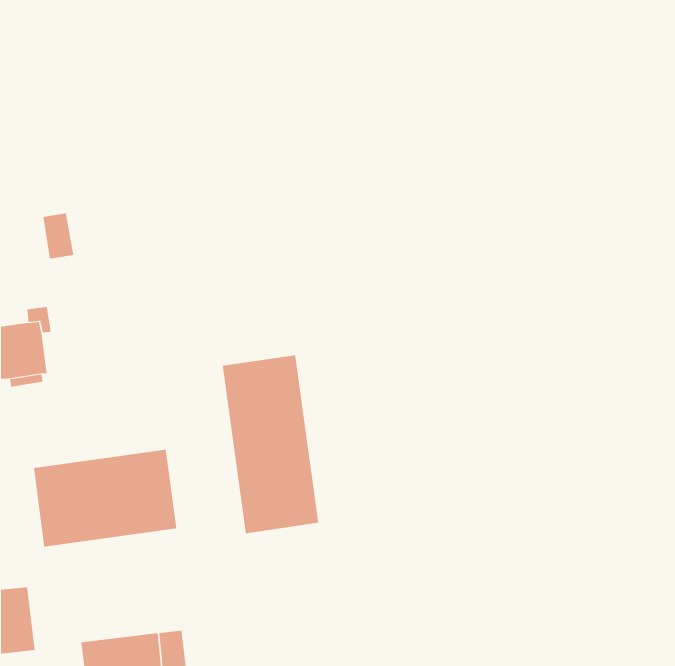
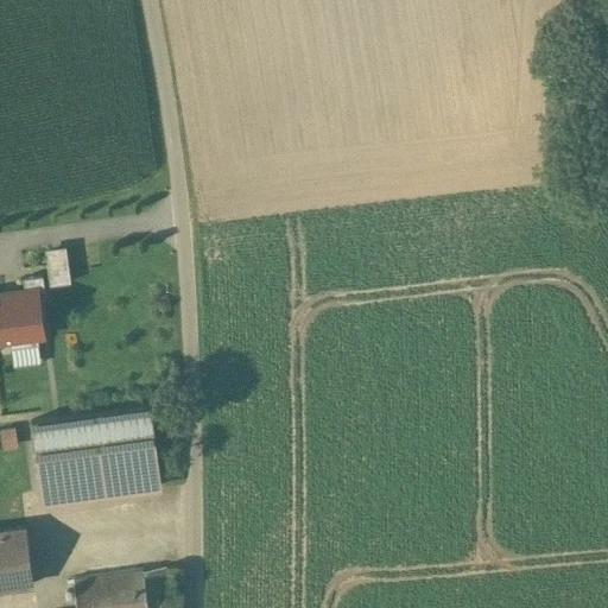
building: [43,213,74,259] -> [42,251,70,292]
building: [222,355,319,534] -> none

